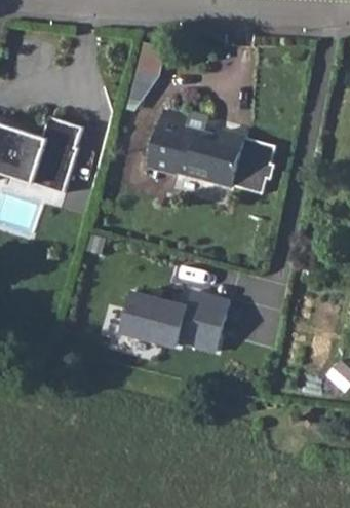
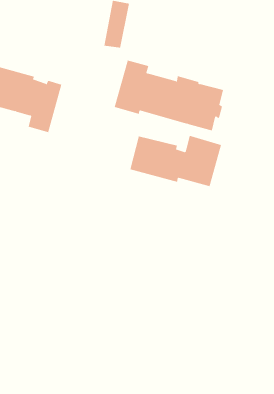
building: [120,291,228,352] -> [129,135,222,187]

